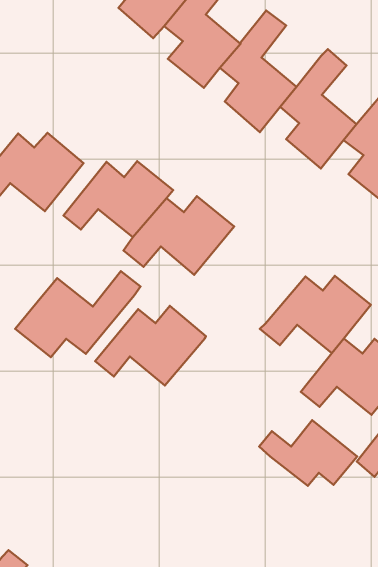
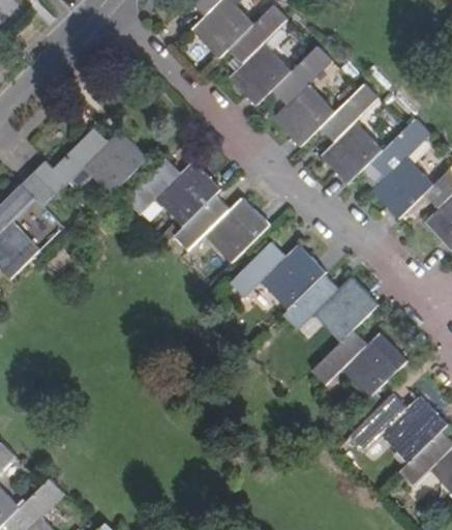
building: [15,271,141,357] -> none
building: [95,306,206,386] -> [231,242,327,310]
building: [259,420,357,486] -> none

